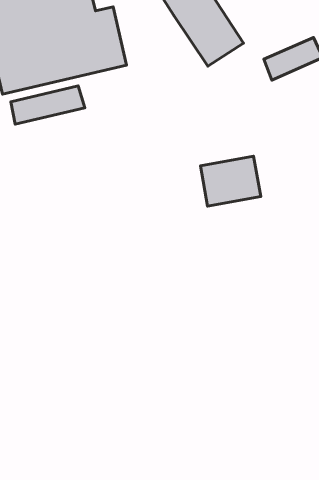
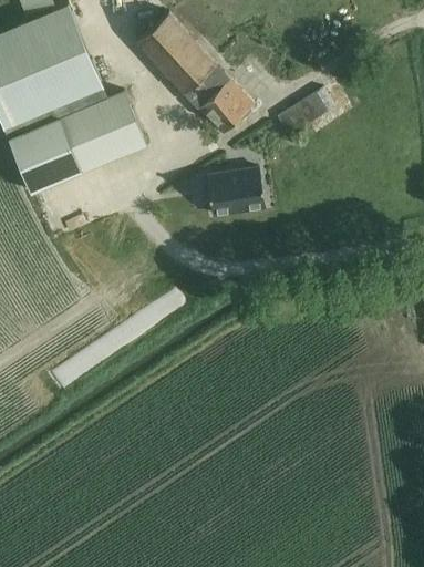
building: [11,86,85,124] -> none
building: [200,156,261,206] -> [205,166,268,221]

